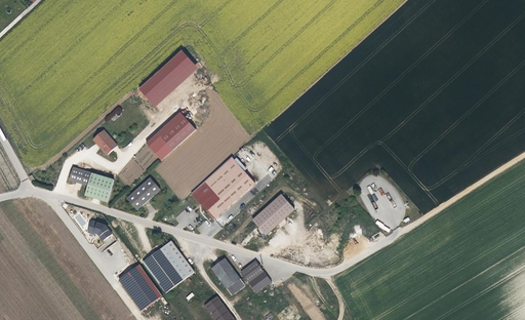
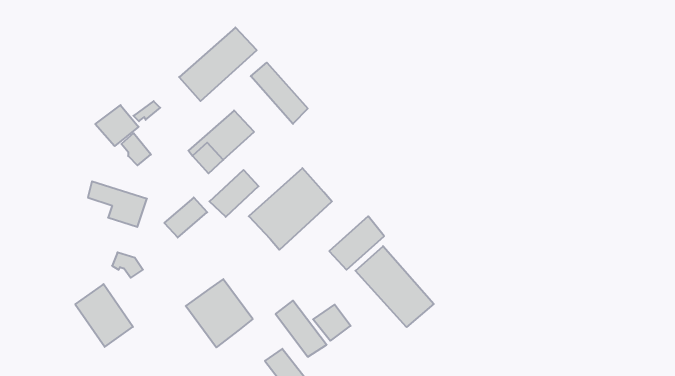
building: none -> [251,63,308,124]
building: none -> [95,105,139,146]
building: none -> [209,170,259,217]
building: none -> [355,246,434,327]
building: [117,262,161,310] -> [75,284,133,347]

